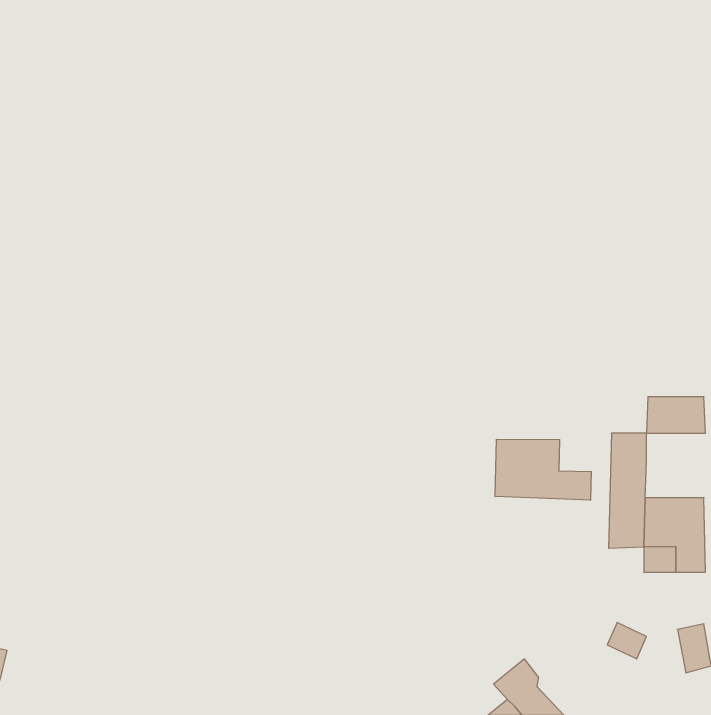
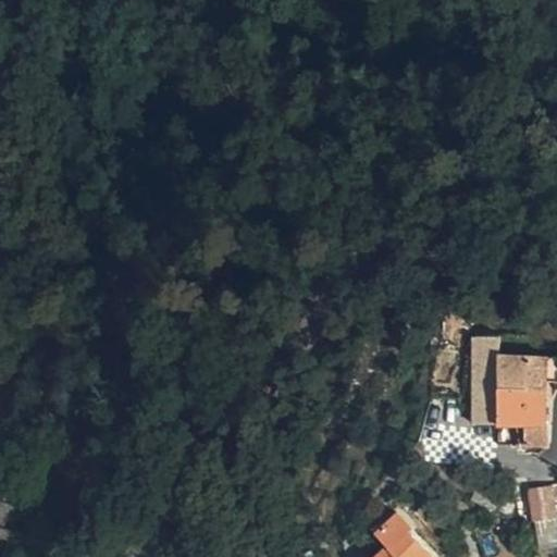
building: [646,397,705,433] -> [500,358,546,386]
building: [495,439,591,500] -> none

